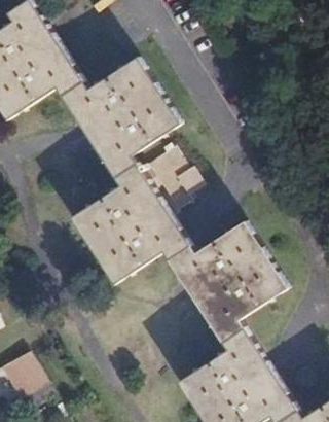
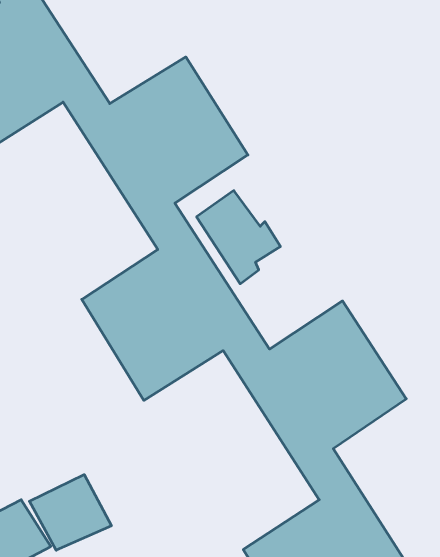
building: none -> [29,475,111,550]

